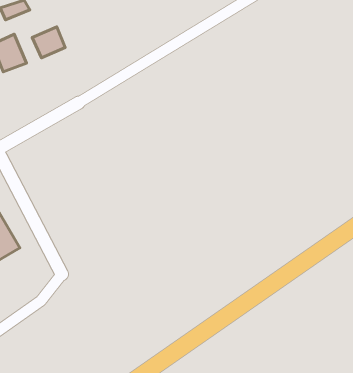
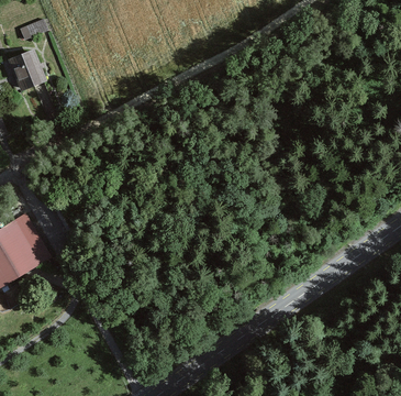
building: [32,27,65,58] -> none

